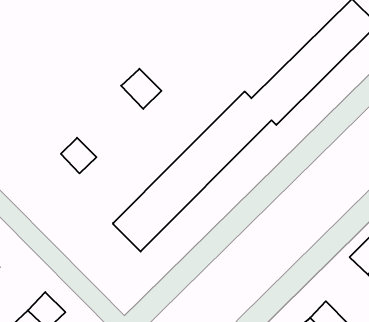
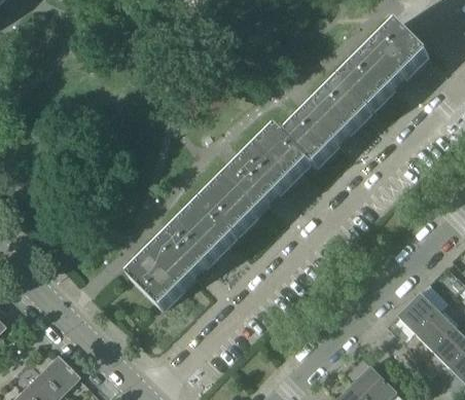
building: [121,69,161,109] -> none
building: [61,138,96,173] -> none

